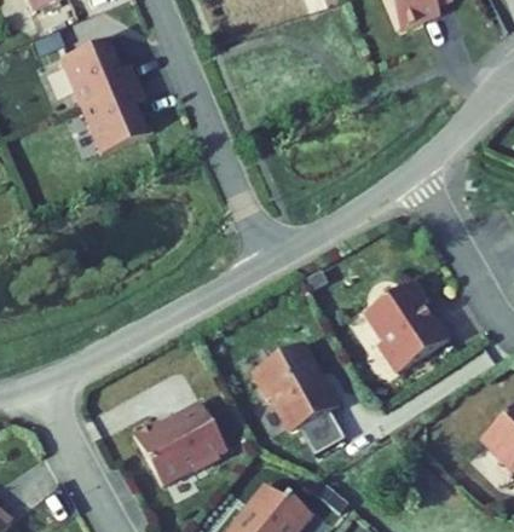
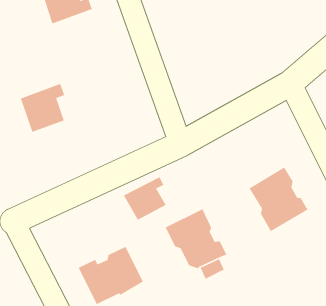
building: [81,77,145,149] -> [20,83,65,133]
building: none -> [123,176,167,221]

